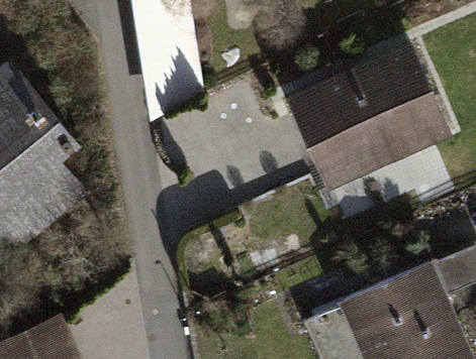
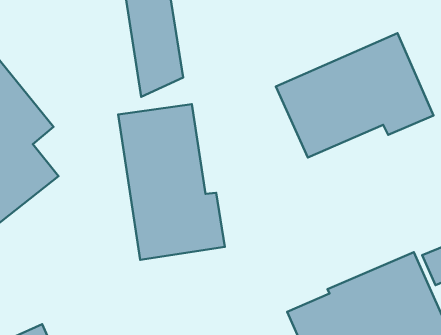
building: none -> [118,104,225,260]

